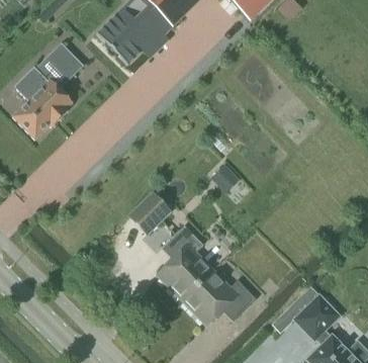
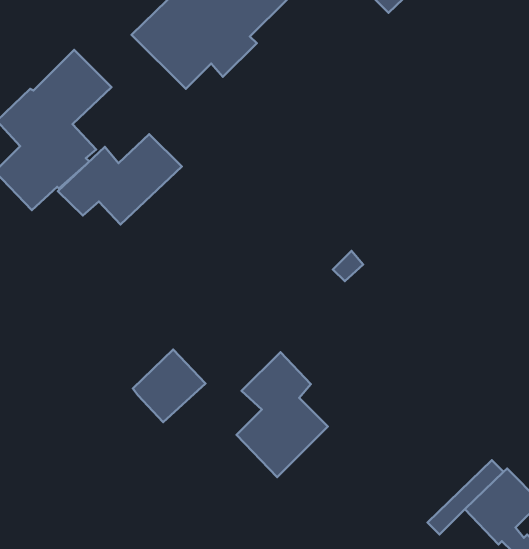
building: none -> [58,134,182,225]
building: [128,191,172,235] -> [133,350,205,422]
building: [182,269,256,325] -> none

